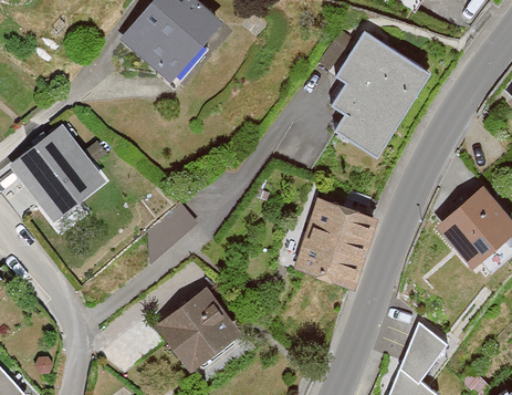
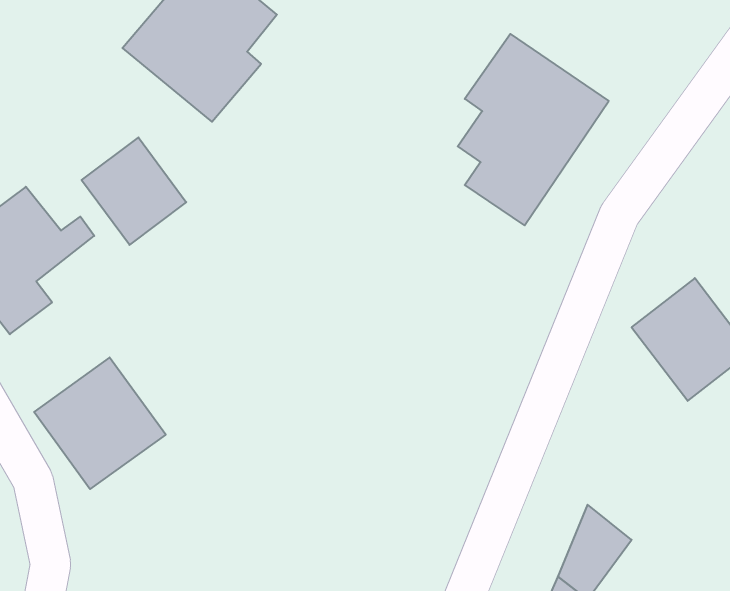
building: none -> [82,137,186,245]
building: [294,194,375,284] -> none
building: [158,285,241,368] -> [34,357,166,489]

